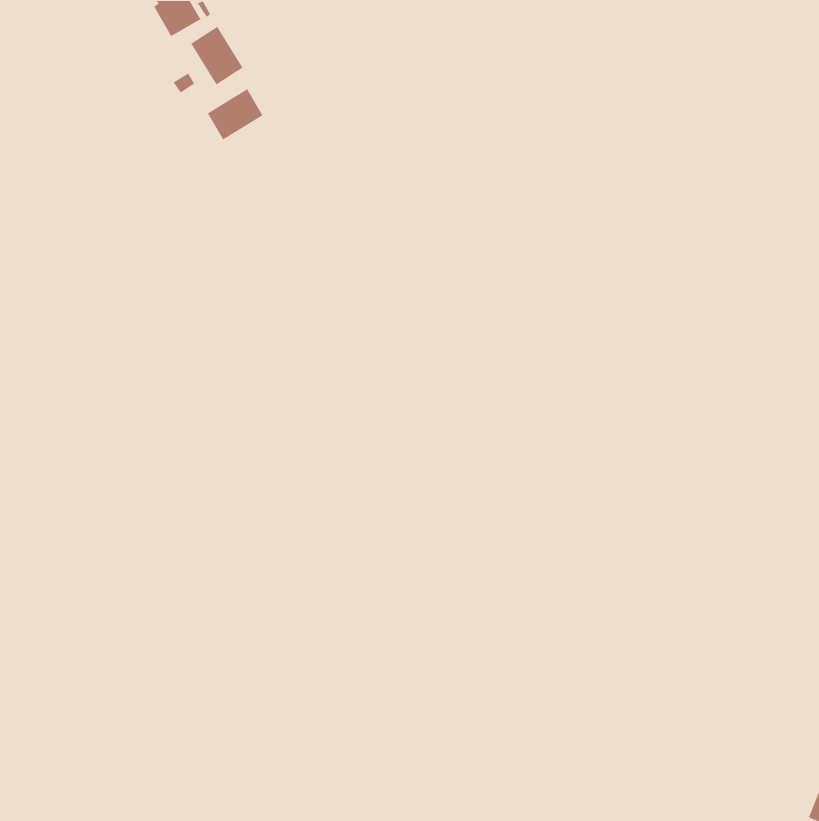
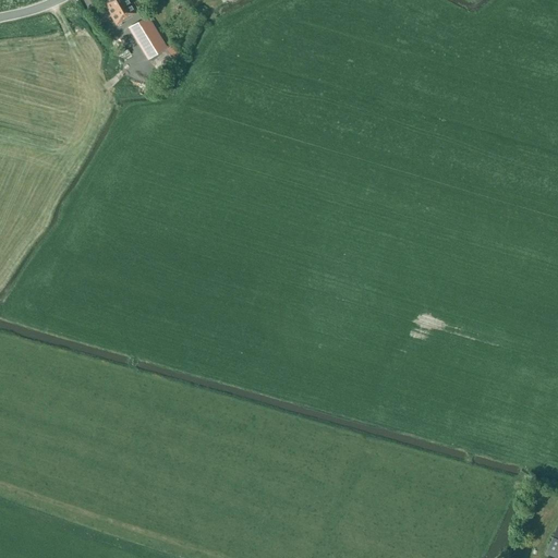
building: [207,88,264,141] -> none

